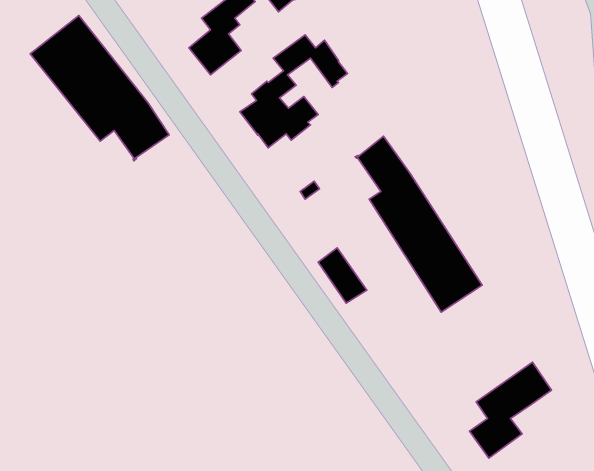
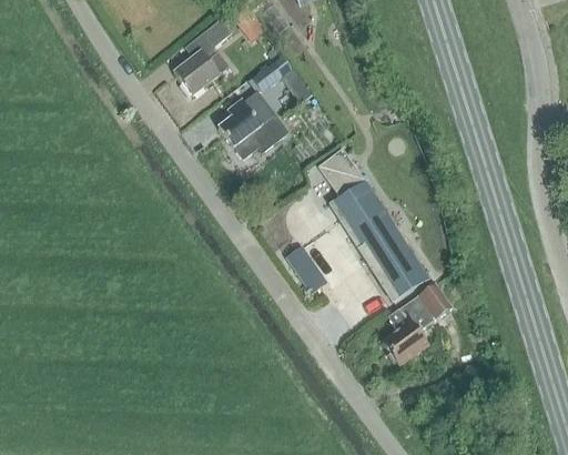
building: [30,15,169,161] -> none
building: [470,362,552,458] -> [383,281,454,364]

